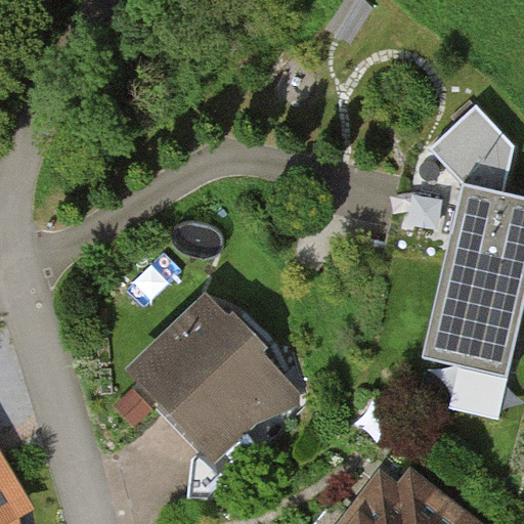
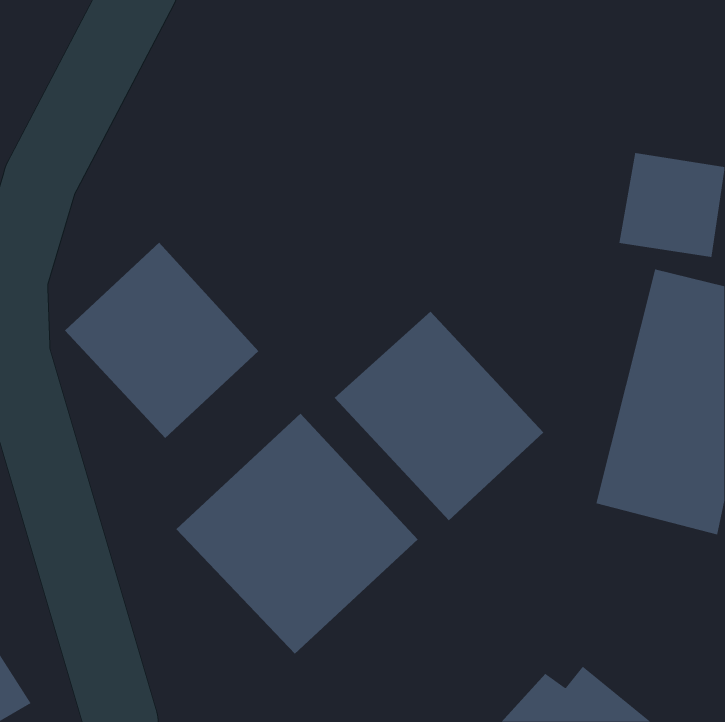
building: none -> [64,242,259,439]
building: none -> [334,311,544,521]

